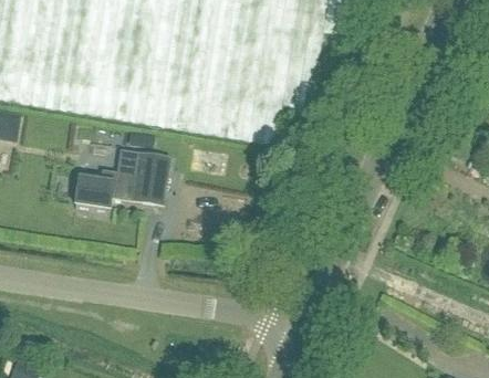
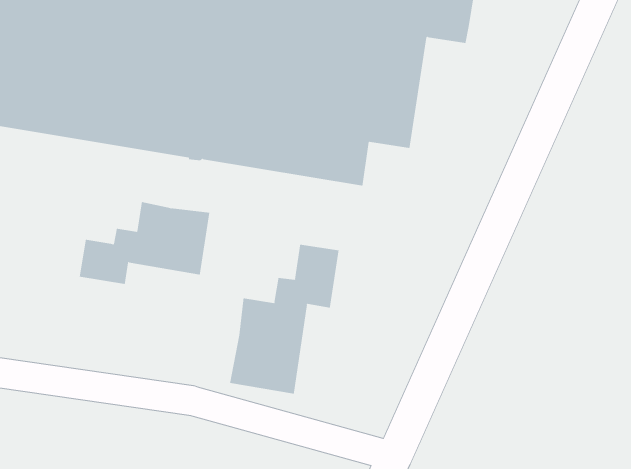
building: none -> [229,244,339,395]

